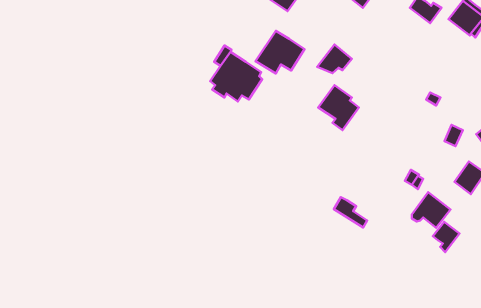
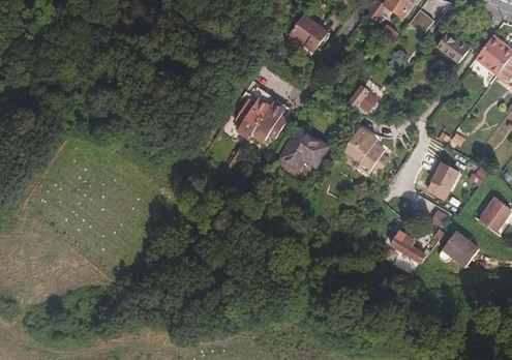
building: [256,31,304,73] -> [276,125,326,169]
building: none -> [430,160,458,190]
building: [334,197,367,228] -> [391,233,425,264]
building: [433,222,460,252] -> none

